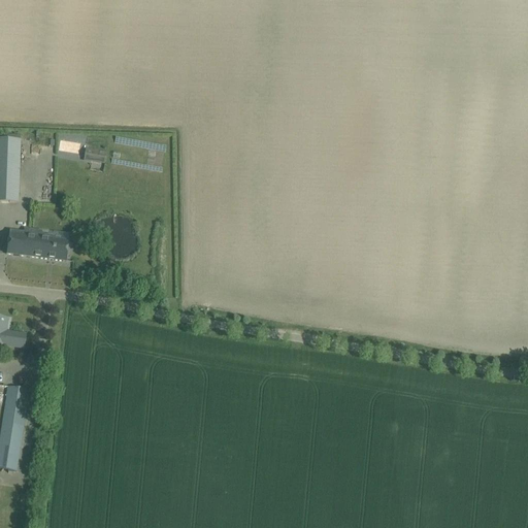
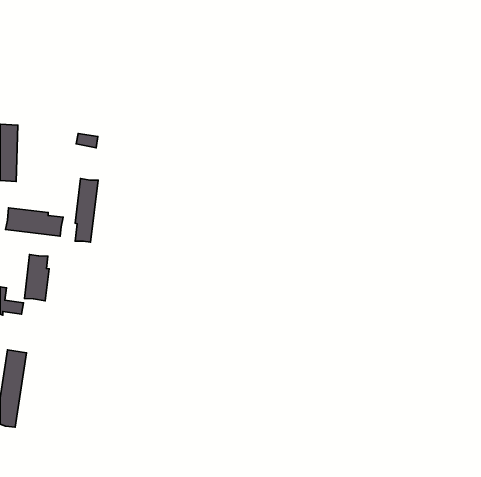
building: none -> [75,178,98,242]
building: none -> [24,255,49,301]

